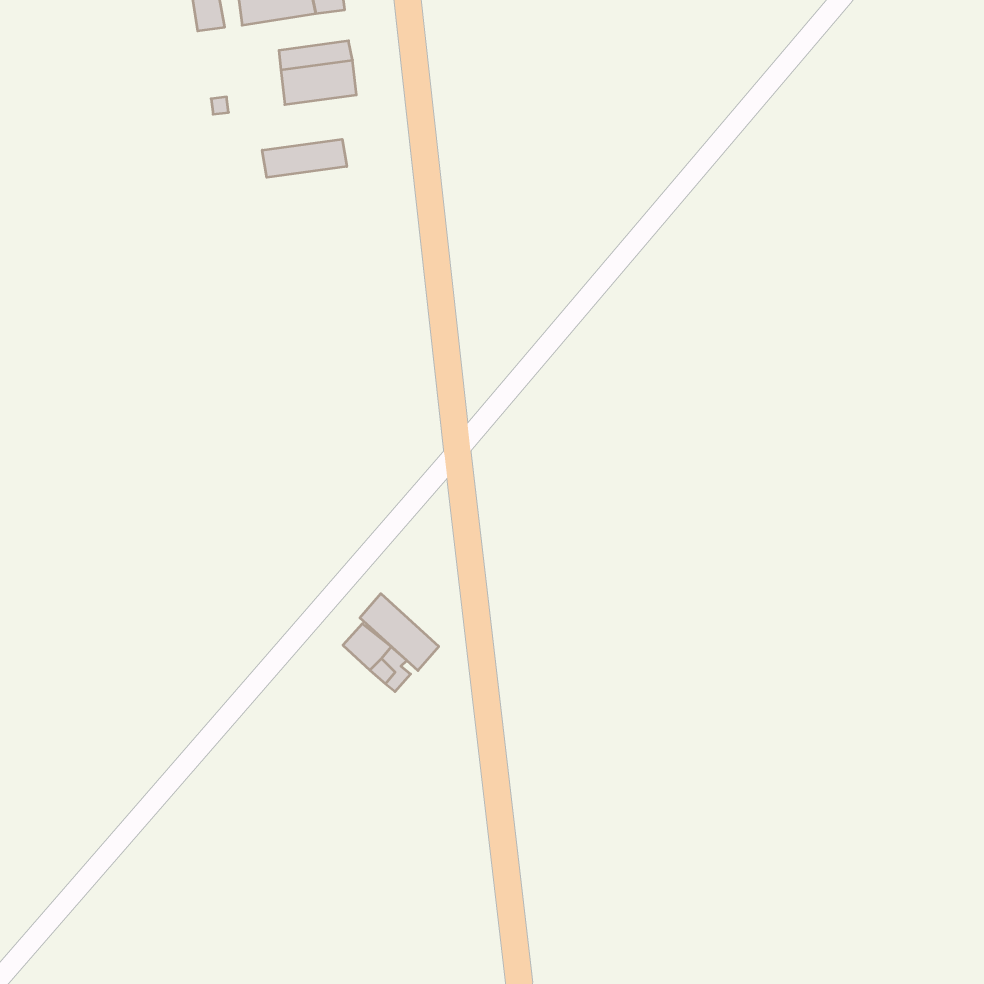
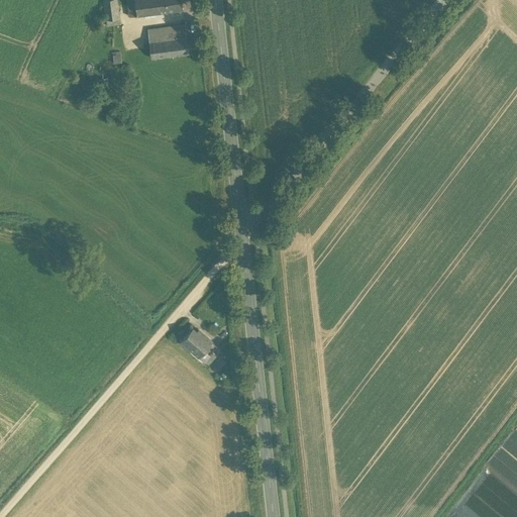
building: [262,139,347,177] -> none
building: [360,594,439,671] -> none

